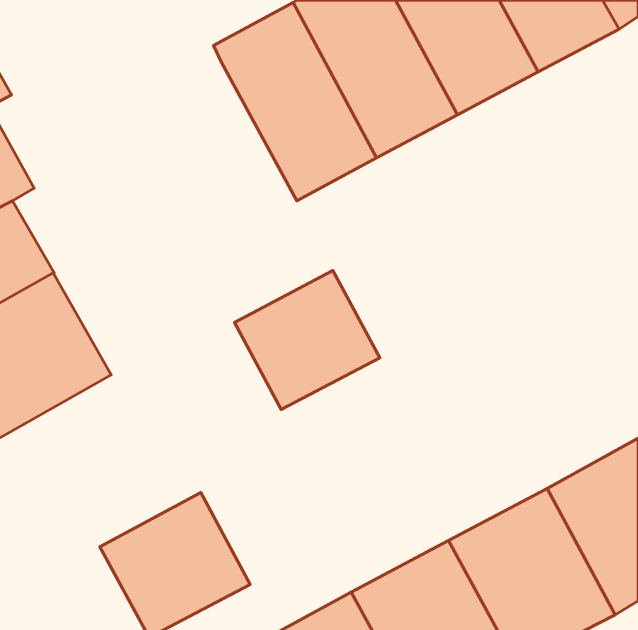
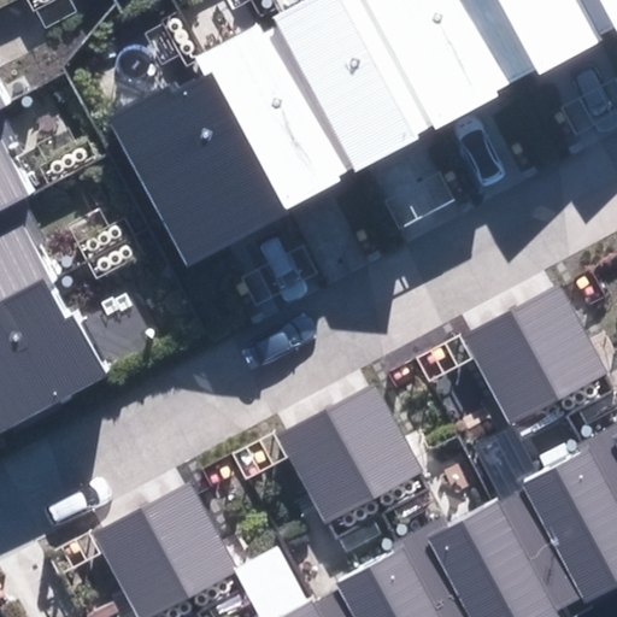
building: none -> [113,74,288,268]
building: [234,271,380,409] -> [281,387,419,519]
building: none -> [464,290,595,418]

